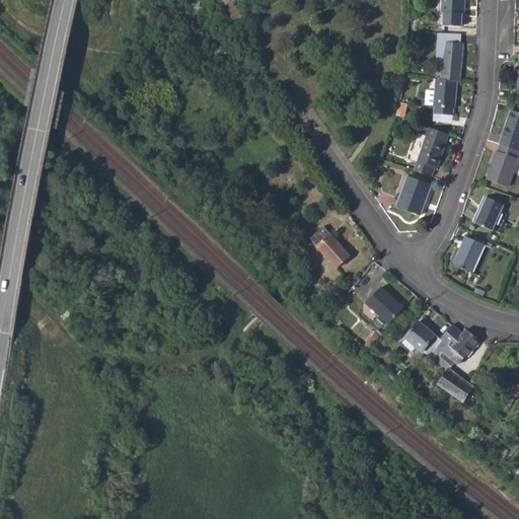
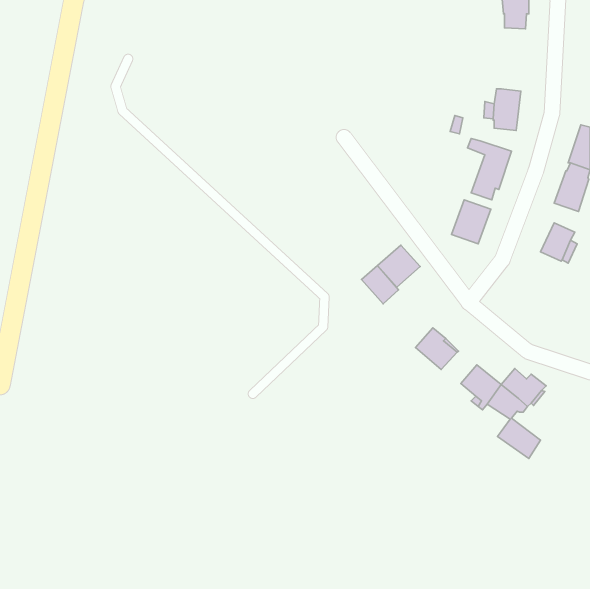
building: [439,41,463,80] -> none
building: none -> [378,245,420,287]
building: [453,235,484,272] -> none

